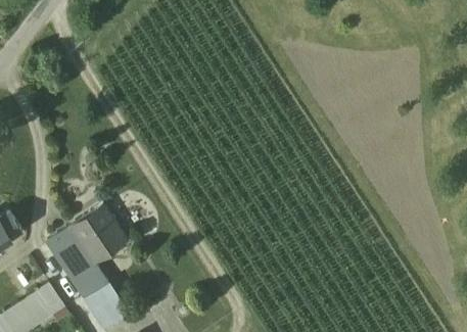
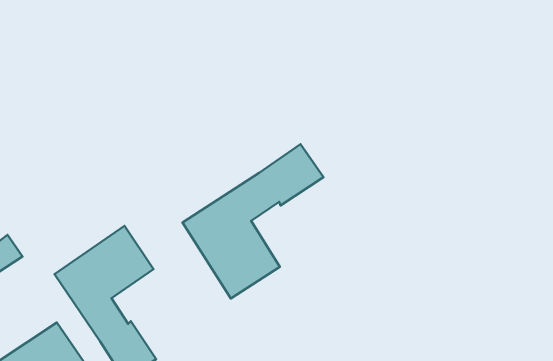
building: none -> [183,144,323,299]

